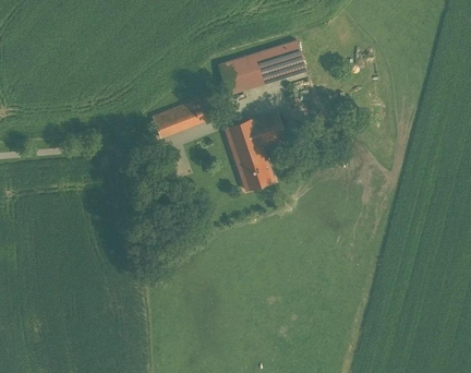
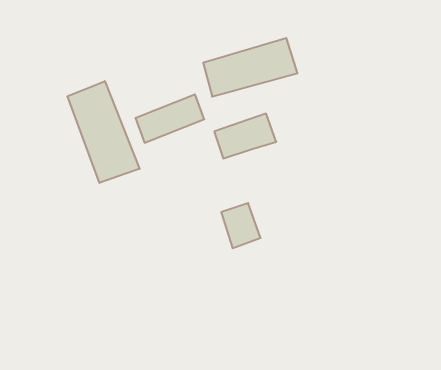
building: none -> [67,81,140,183]
building: [235,147,274,191] -> [221,203,261,248]

